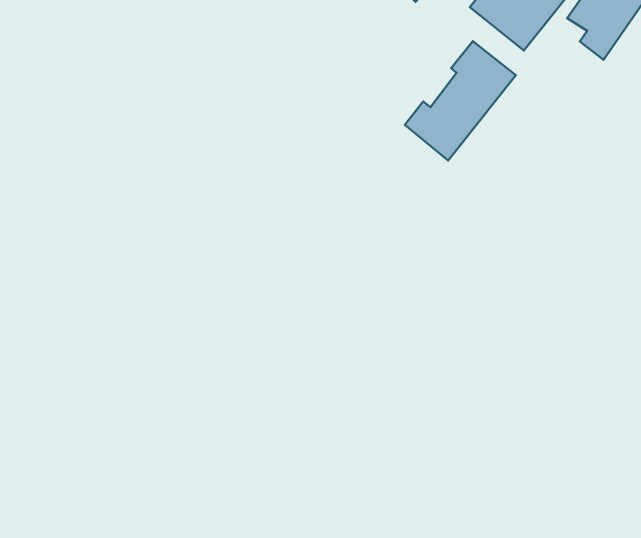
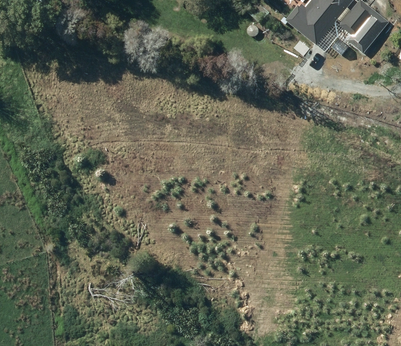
building: [405,41,516,160] -> none

